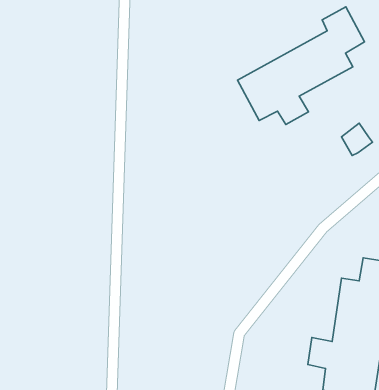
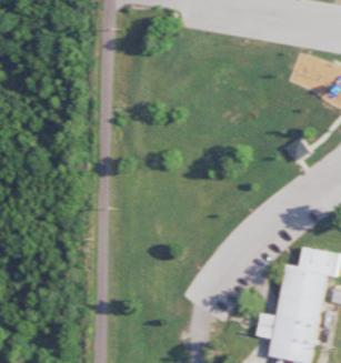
building: [238,7,364,124] -> none

